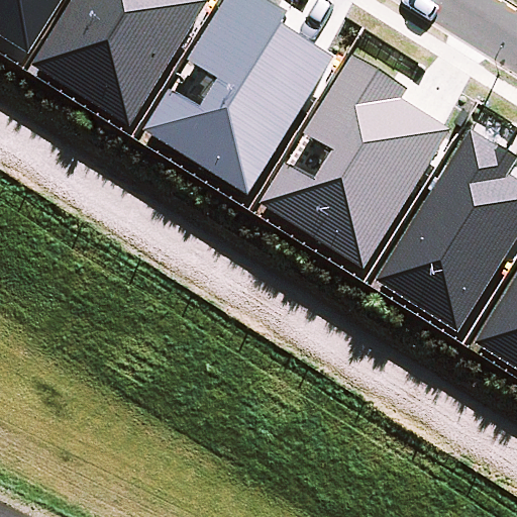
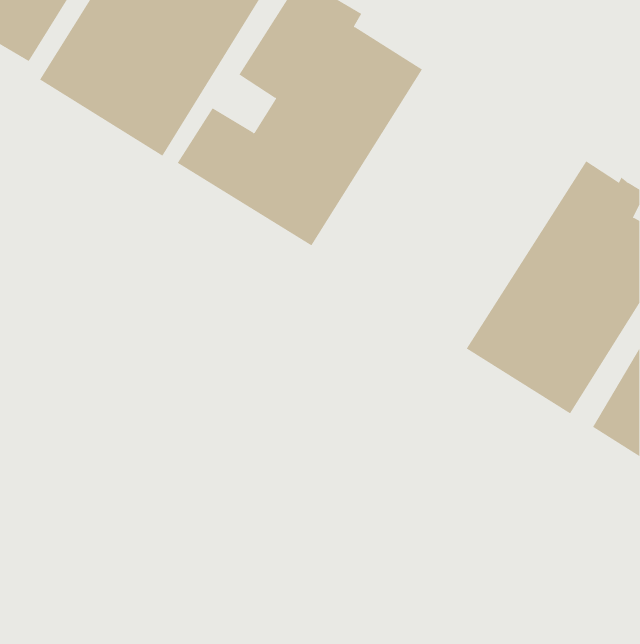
building: [260,51,448,264] -> none

